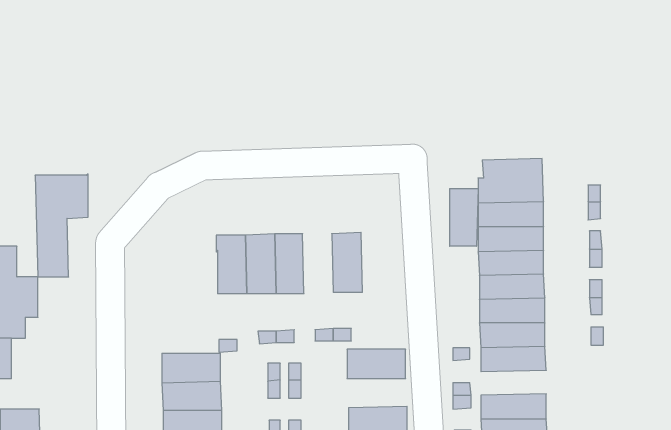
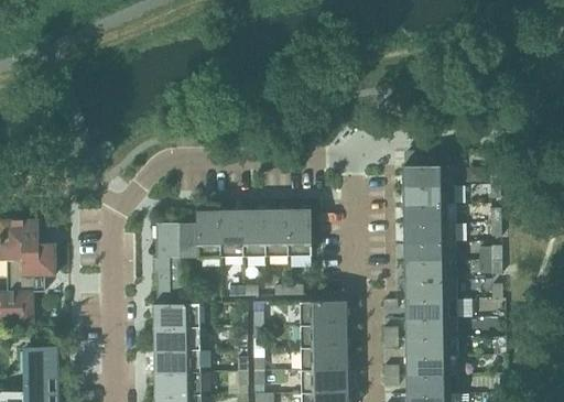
building: [35,174,88,277] -> [155,222,197,304]
building: [450,189,478,246] -> none
building: none -> [264,209,289,257]
building: none -> [405,317,457,337]
building: none -> [300,324,347,347]

